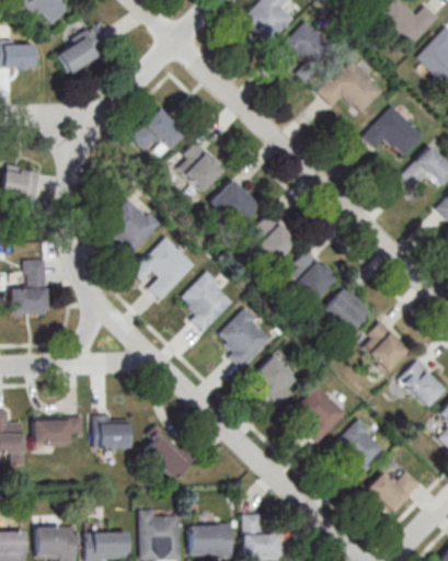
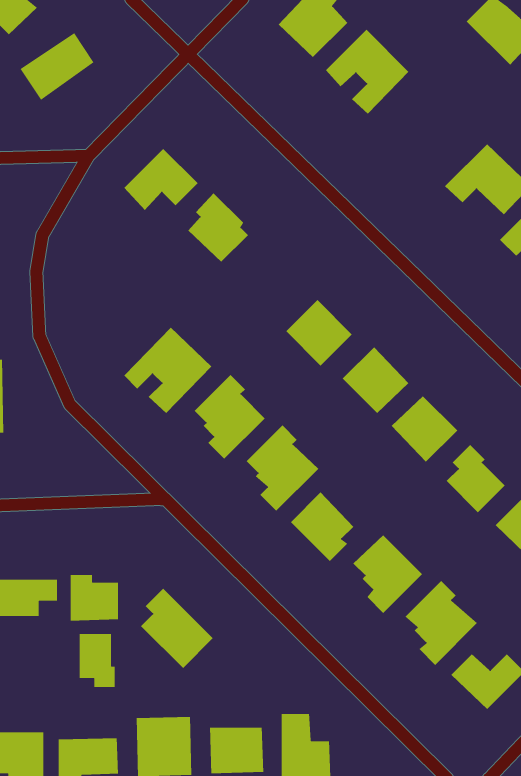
building: [319,61,381,113] -> none
building: [208,179,256,227] -> none
building: [100,197,160,255] -> none
building: none -> [79,633,115,688]

